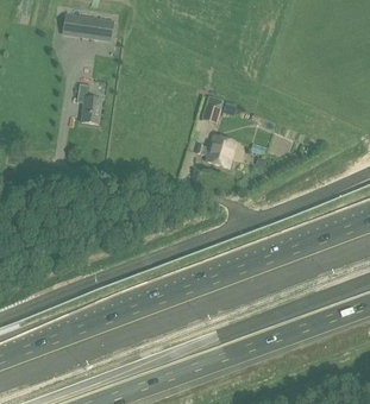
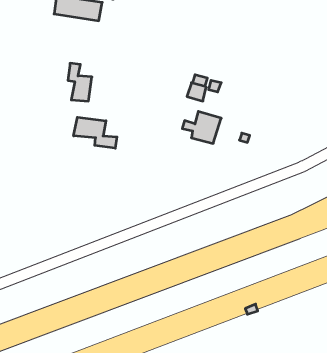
building: none -> [74,117,117,148]

